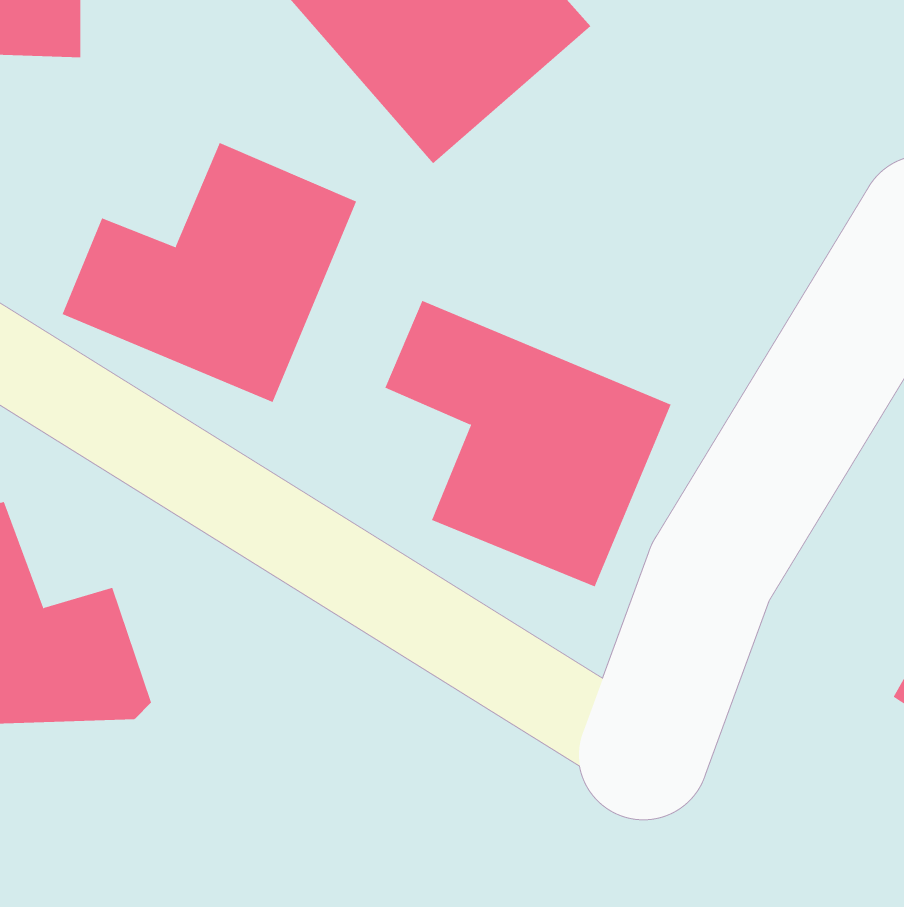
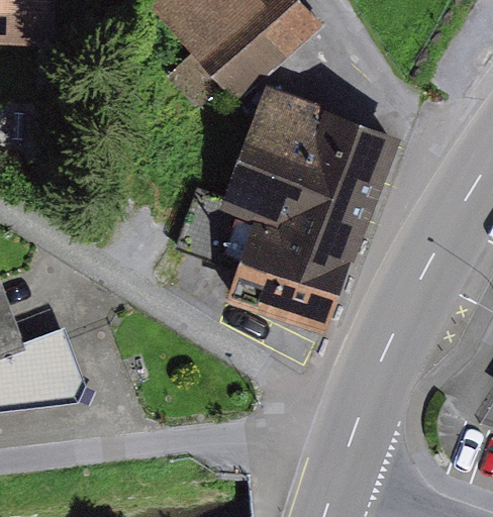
building: none -> [229,86,401,230]
building: [62,142,357,403] -> none

